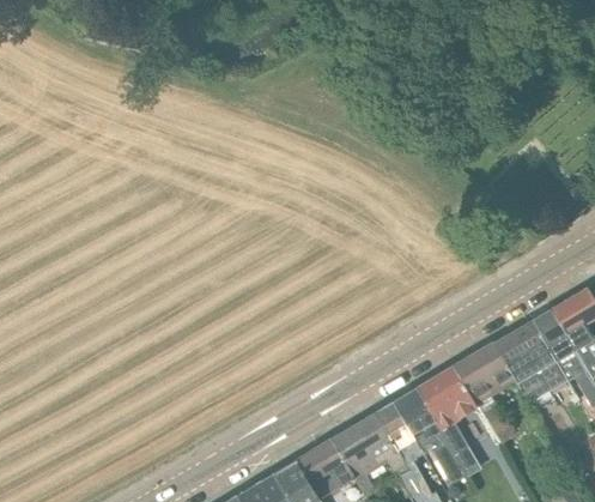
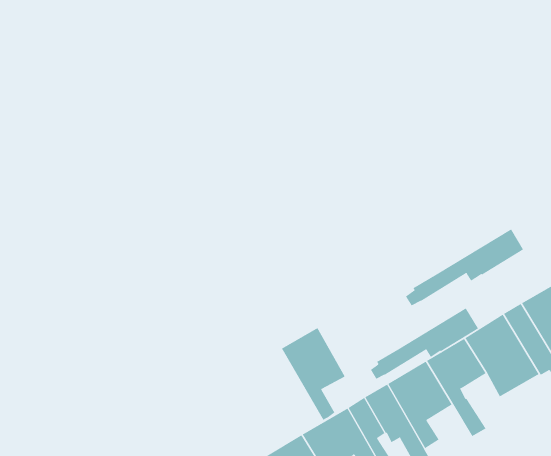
building: none -> [405,229,524,306]
building: none -> [370,308,479,379]
building: none -> [281,327,345,421]

